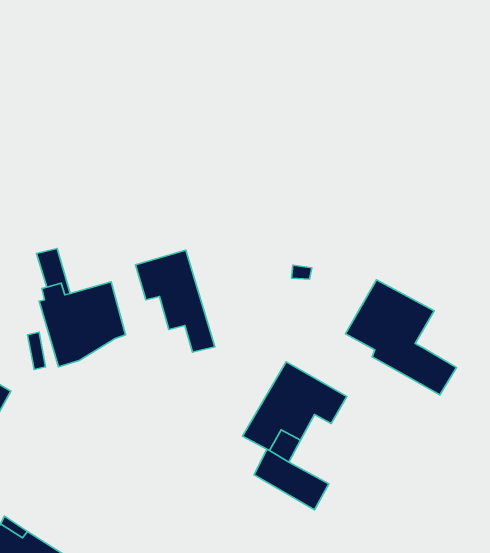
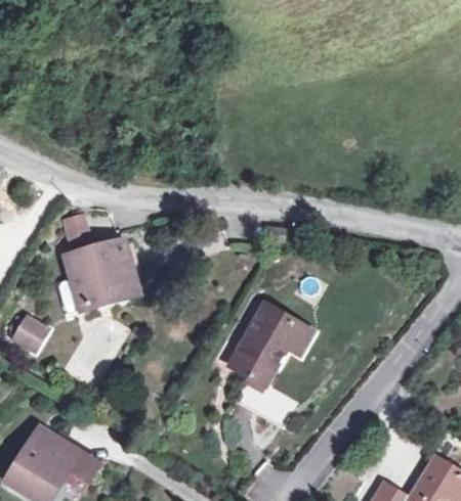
building: [136,250,215,352] -> none
building: [346,280,457,395] -> none

